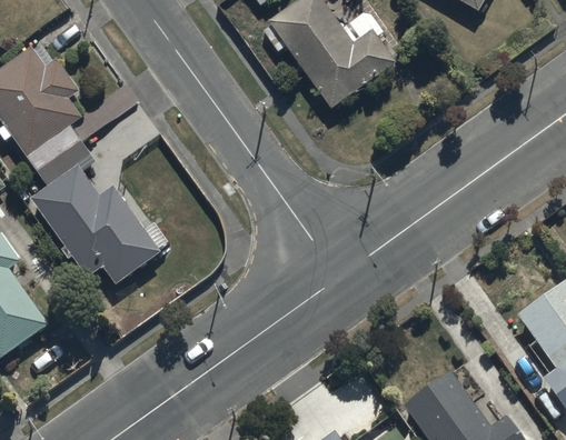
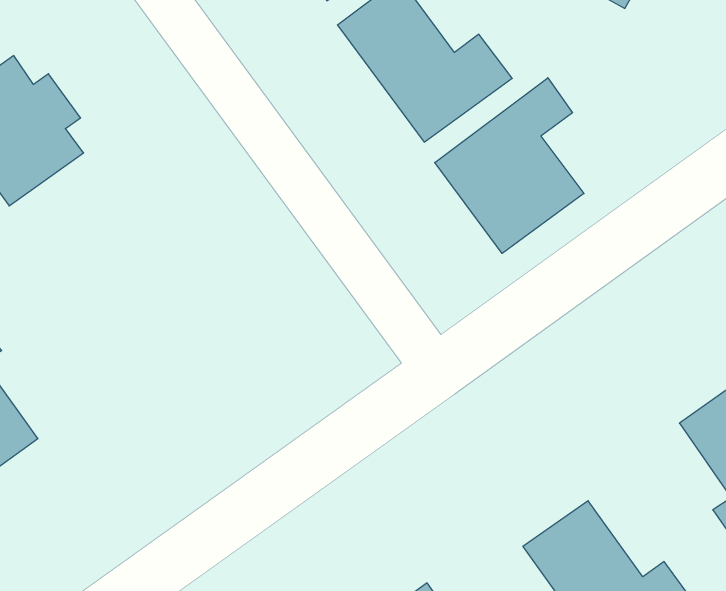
building: none -> [435,78,584,253]
building: [30,163,160,283] -> none

